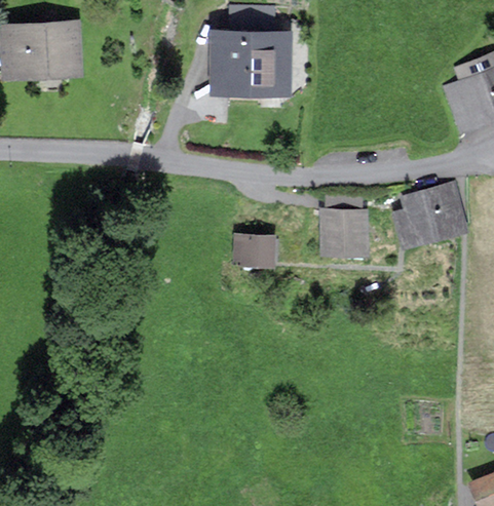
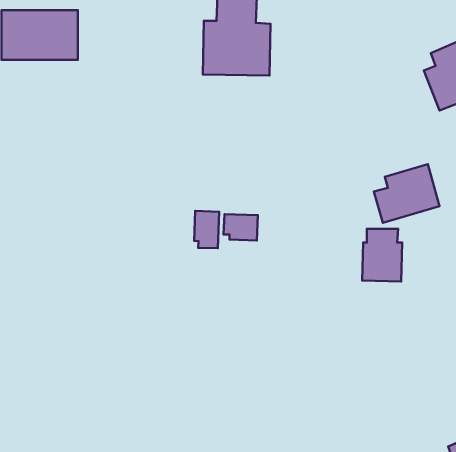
building: [321,198,364,254] -> [362,229,402,282]
building: none -> [194,211,219,248]

